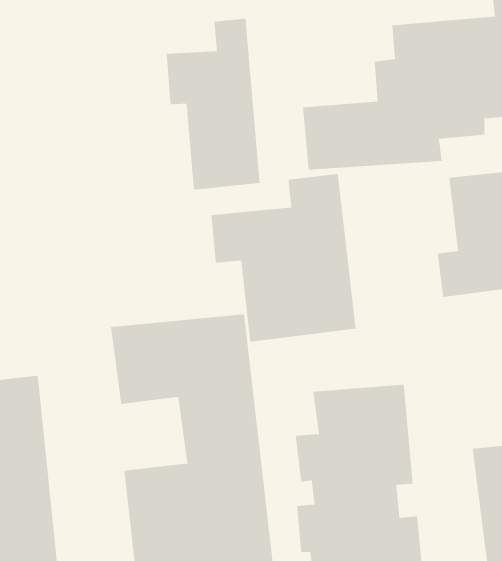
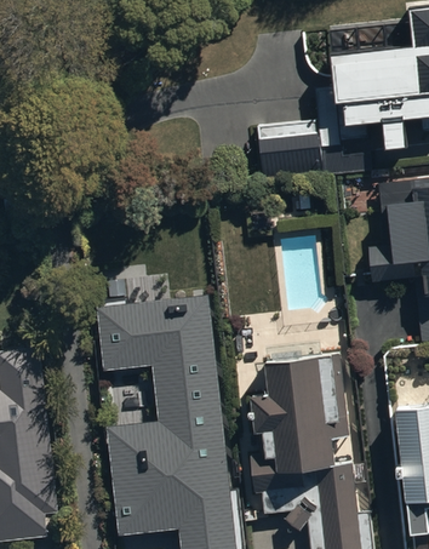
building: [166,18,260,191] -> none
building: [211,173,356,343] -> none

